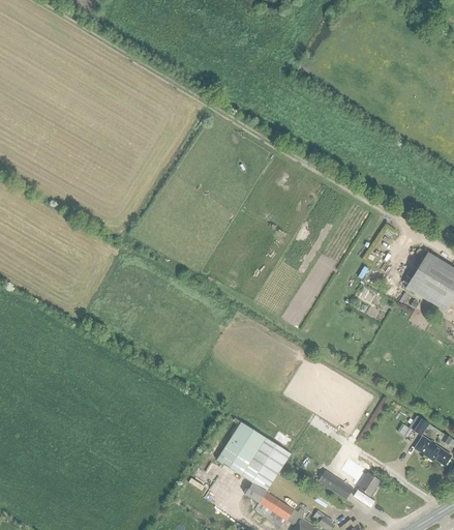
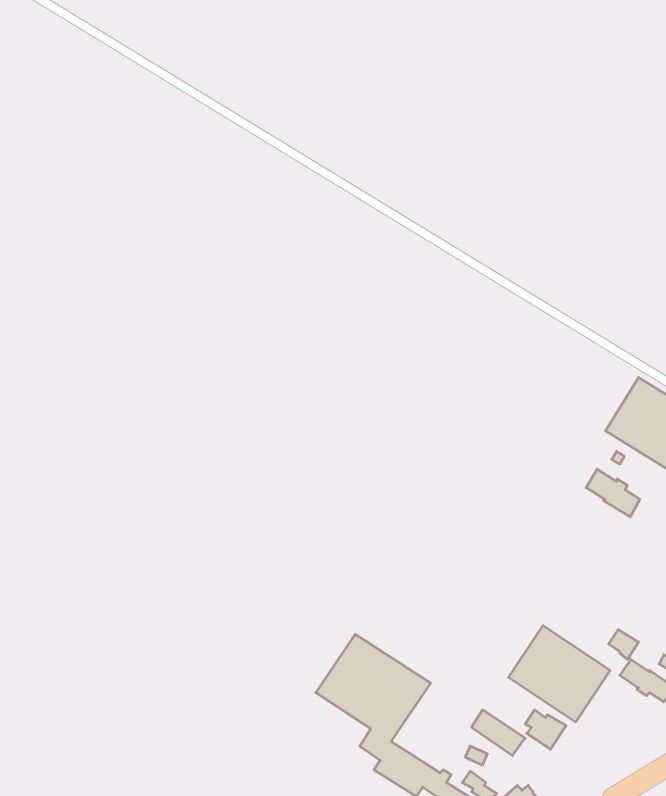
building: none -> [586,469,640,517]
building: none -> [509,626,610,722]

